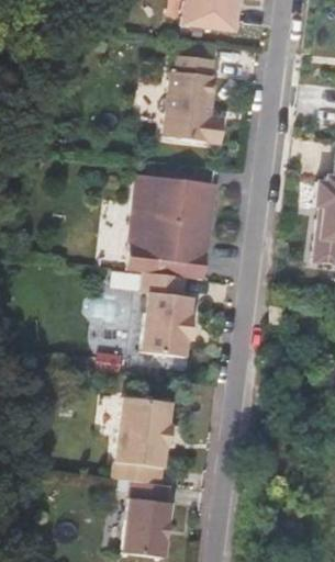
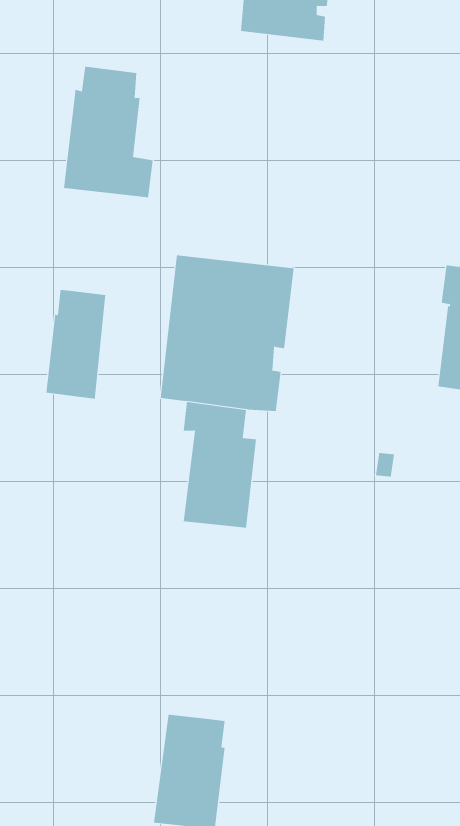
building: [165,55,225,143] -> [63,66,154,198]
building: none -> [46,289,106,400]
building: [113,396,172,484] -> none

